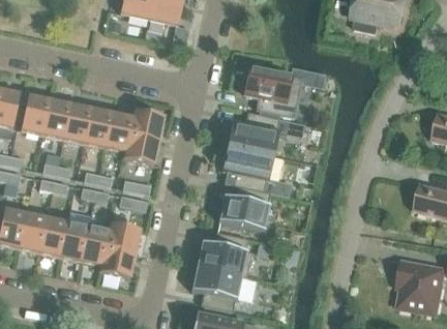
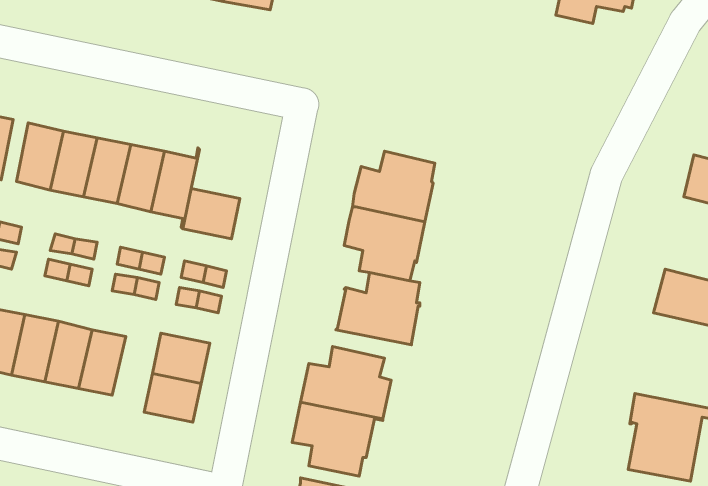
building: [245,66,301,116] -> none
building: [128,110,163,140] -> none
building: [80,222,110,271] -> none

